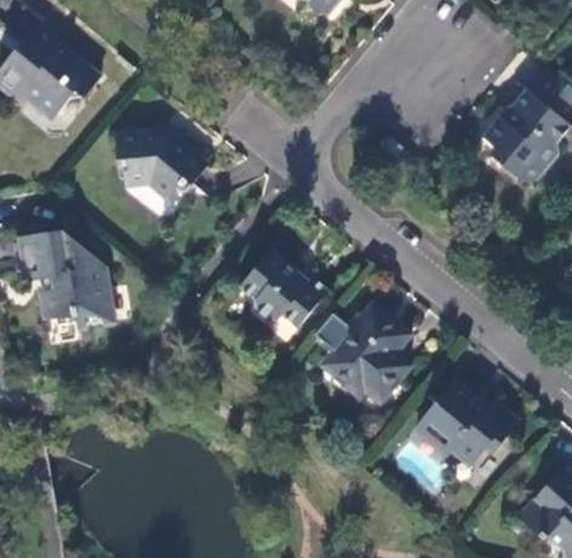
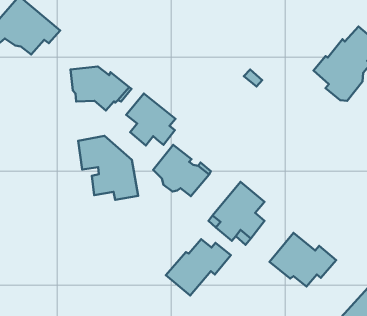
building: none -> [126,93,175,146]
building: [19,232,110,329] -> [78,136,138,200]
building: none -> [166,239,231,295]

